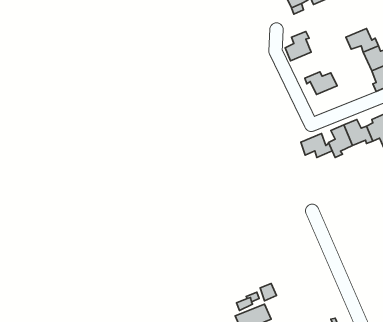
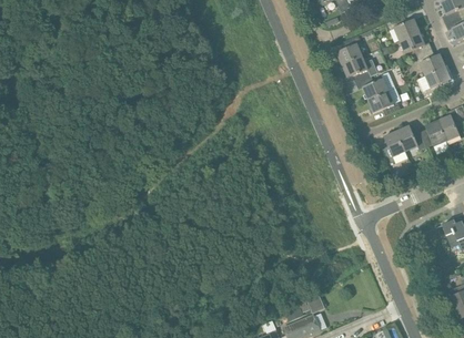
building: none -> [386,16,420,40]
building: none -> [342,55,377,82]
building: [301,134,332,157] -> [369,90,401,114]

